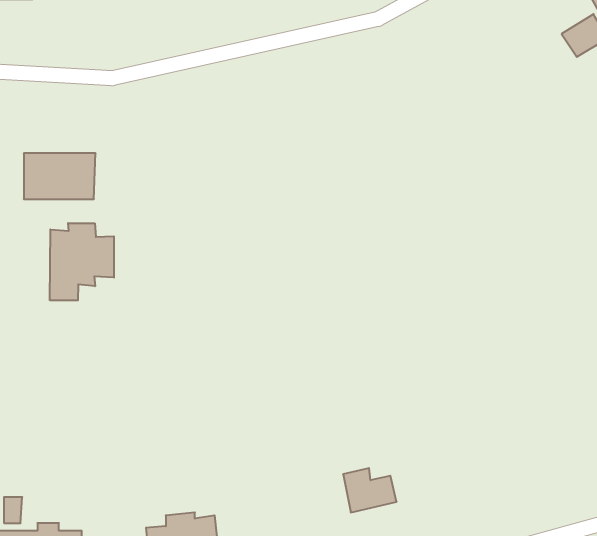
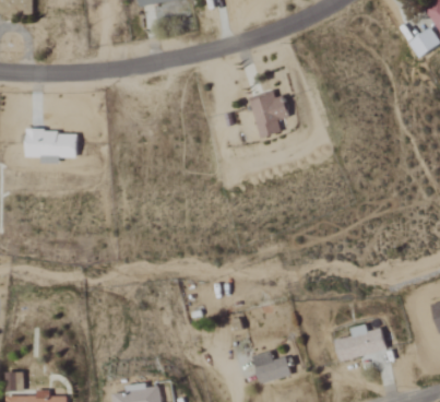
building: none -> [248,88,287,137]
building: [50,223,114,300] -> none
building: none -> [334,324,387,362]

